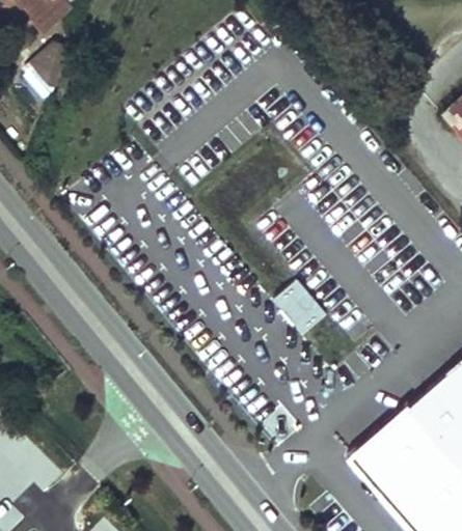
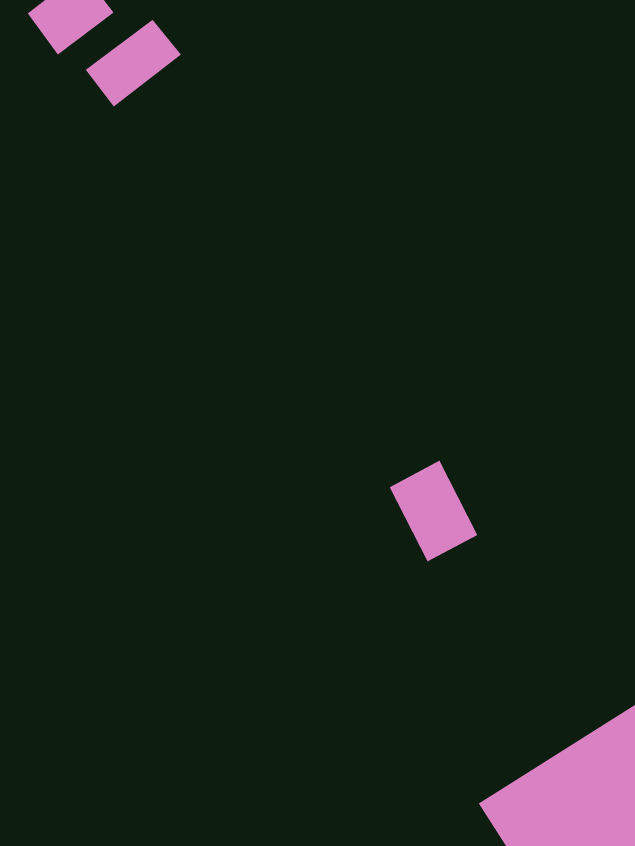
building: none -> [85,19,182,107]

